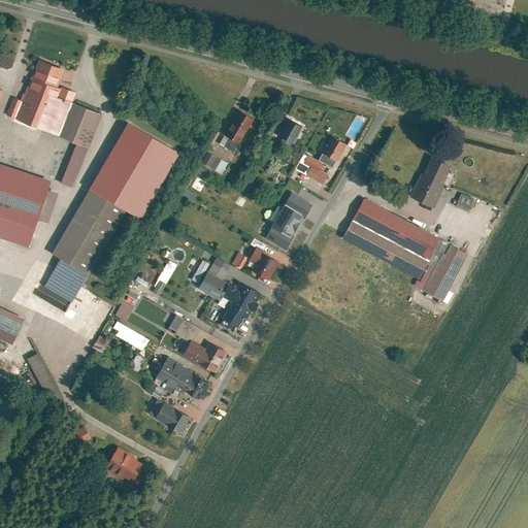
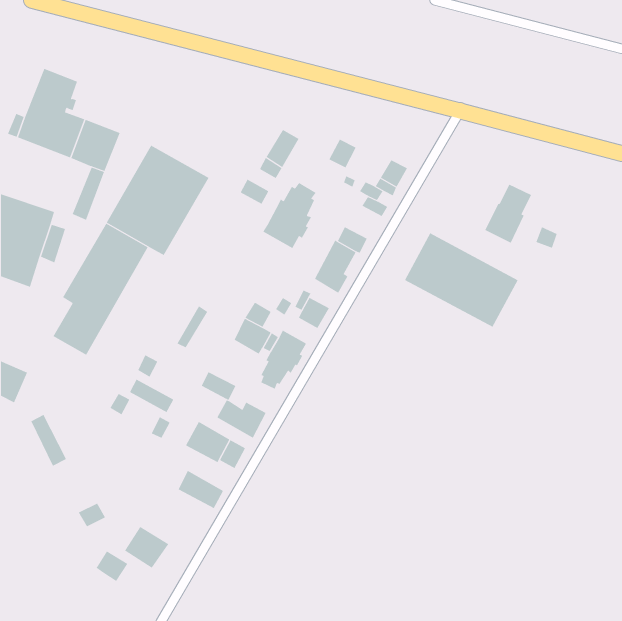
building: none -> [262,182,316,249]
building: [415,238,467,300] -> none
building: none -> [96,551,128,582]

